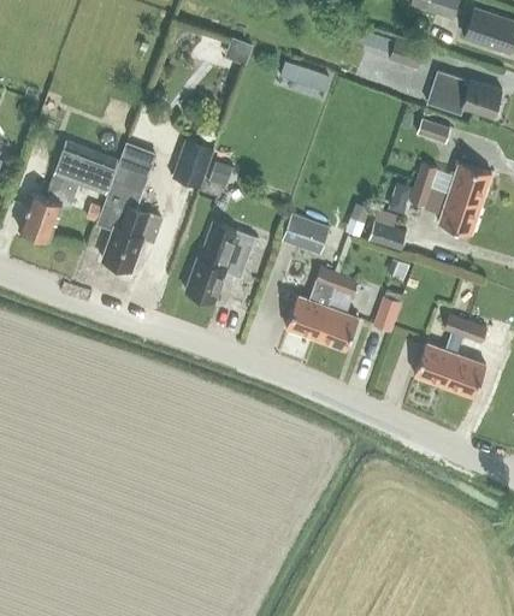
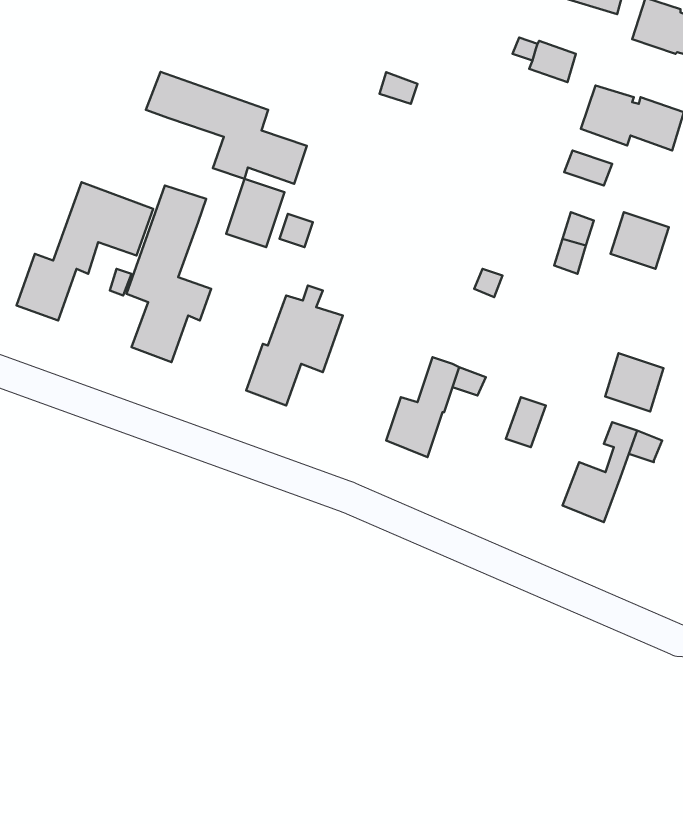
building: none -> [146,72,307,184]
building: [439,192,481,235] -> [605,353,663,411]
building: [367,209,407,250] -> none
building: [280,213,329,255] -> none
building: [317,307,358,350] -> none
building: [444,354,486,397] -> none

